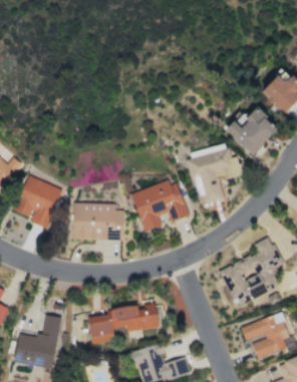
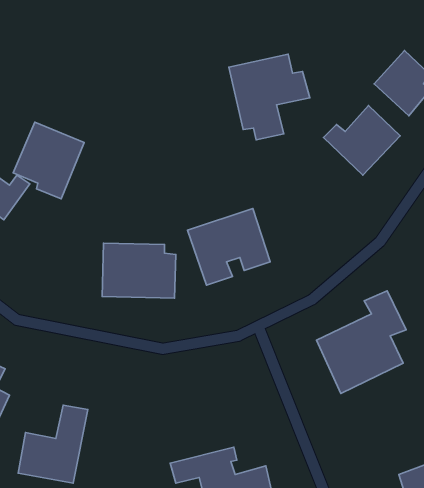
building: [187,144,243,204] -> [229,54,310,140]
building: [14,175,63,229] -> [13,122,84,199]
building: [87,303,160,344] -> none
building: [241,313,290,358] -> none

